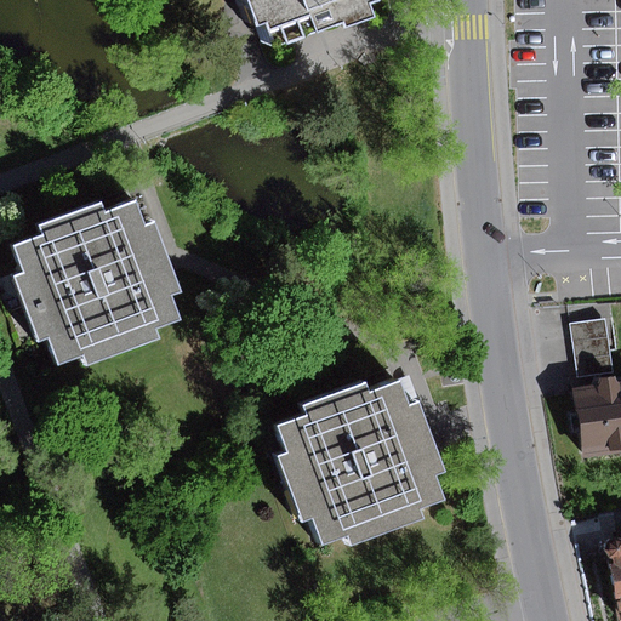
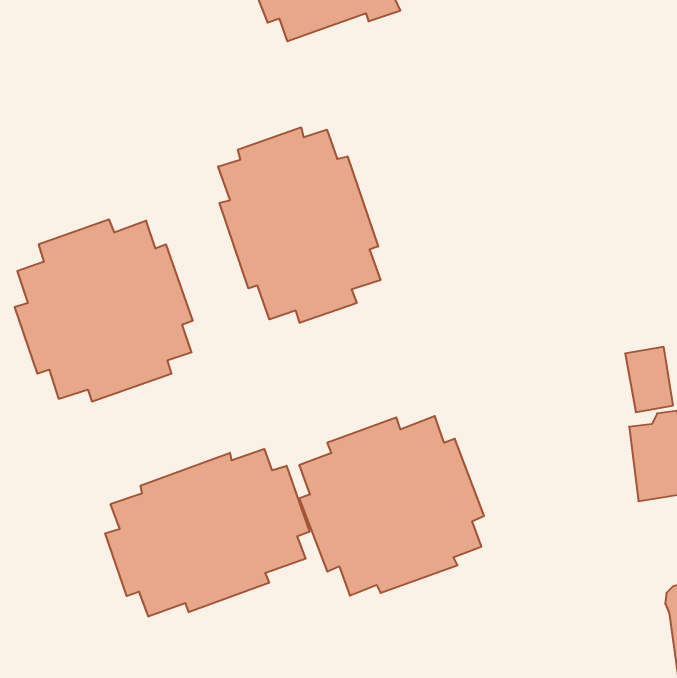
building: none -> [218,127,380,323]
building: none -> [105,449,309,617]

